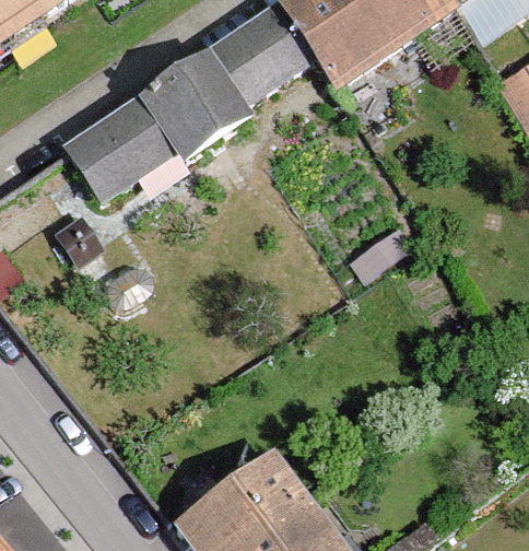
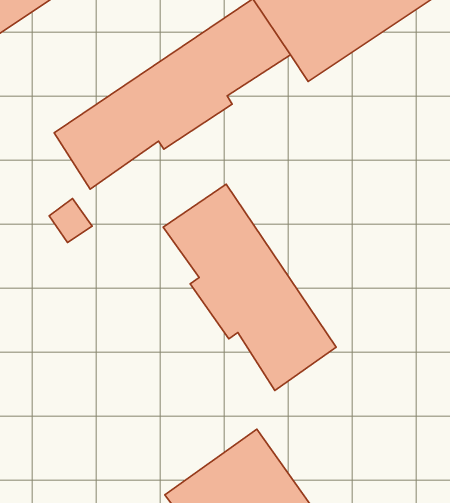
building: none -> [163,184,336,390]

